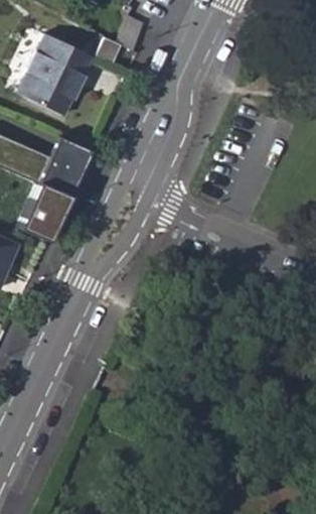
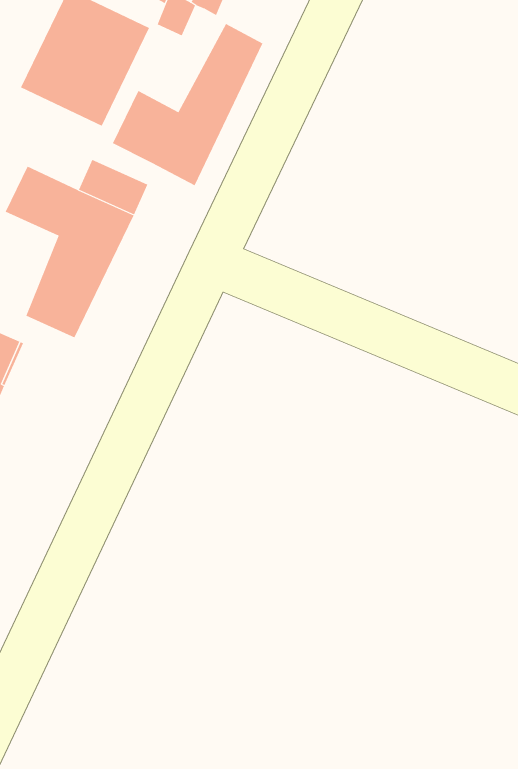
building: none -> [112,23,263,186]

